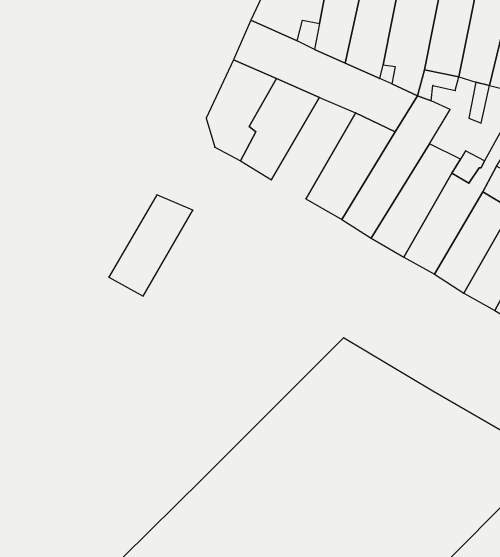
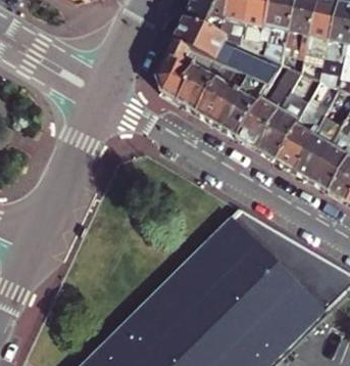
building: [109,195,193,296] -> [196,63,246,124]

